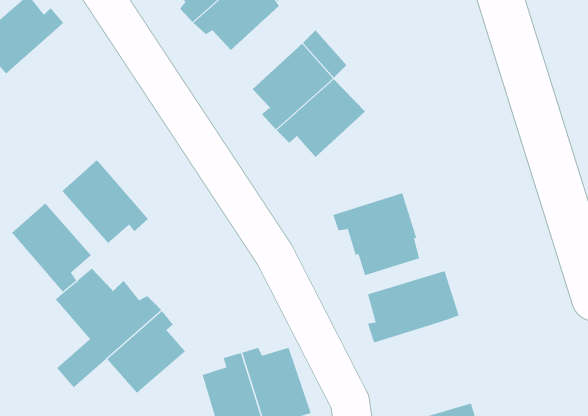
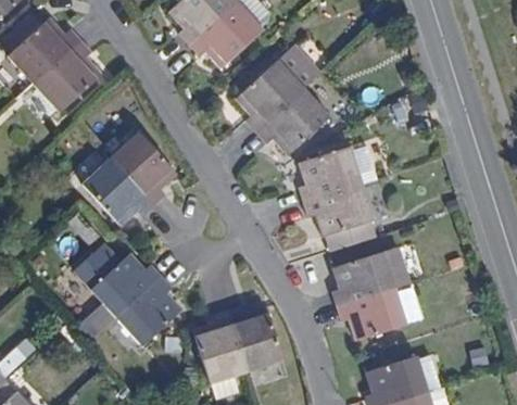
building: none -> [34,45,101,115]
building: none -> [297,148,377,202]
building: [11,202,92,292] -> [109,131,175,205]
building: none -> [336,289,405,340]

